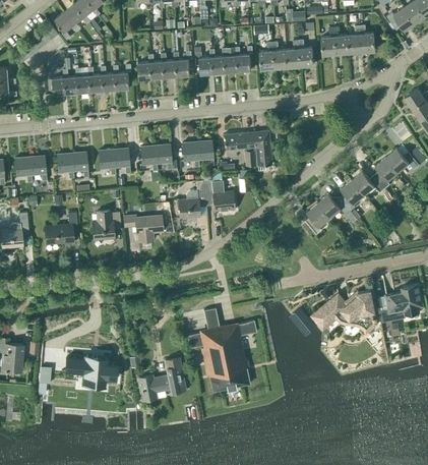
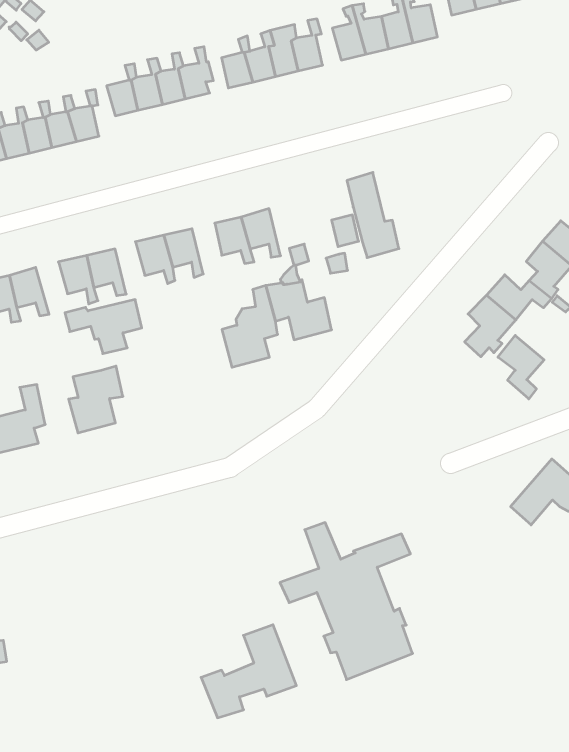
building: [223,132,255,150] -> none
building: [123,216,162,241] -> [65,300,142,354]
building: none -> [498,335,544,399]
building: [65,356,116,385] -> none

